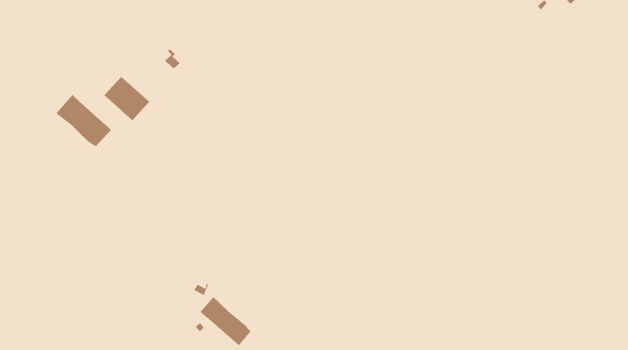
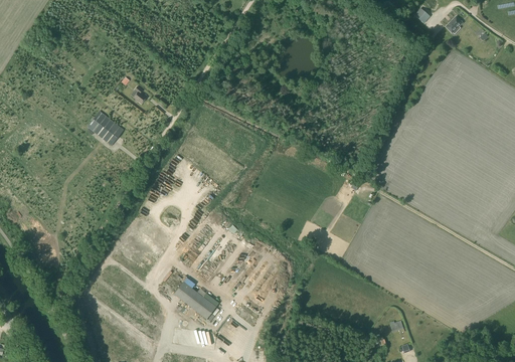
building: [55,94,112,147] -> none

